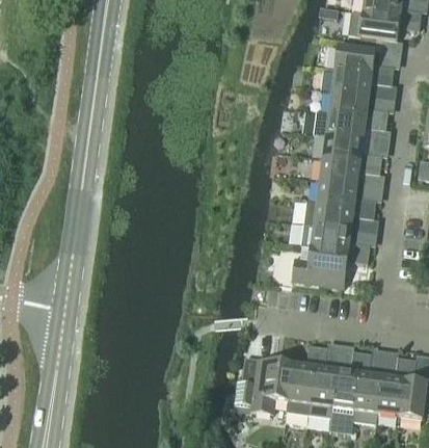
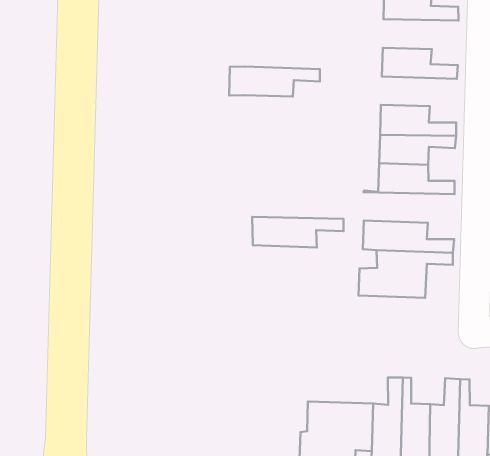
building: [332,68,393,95] -> none
building: [315,110,386,138] -> [229,67,320,97]
building: [303,199,375,228] -> [252,217,343,248]

